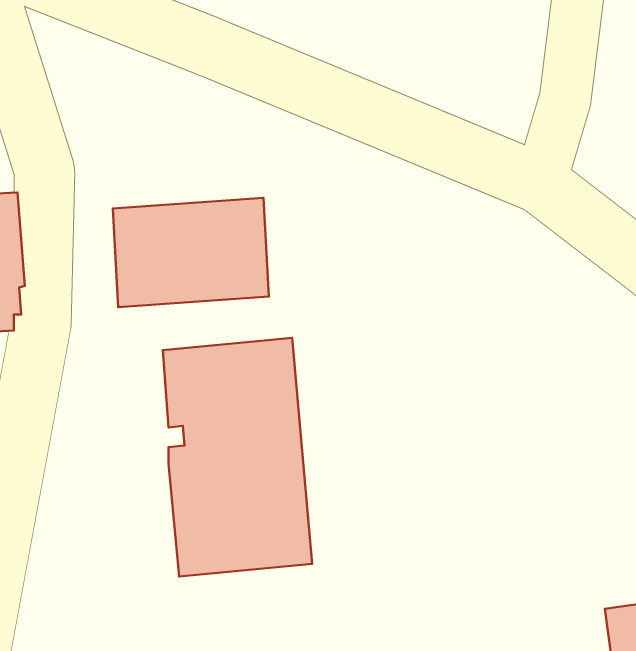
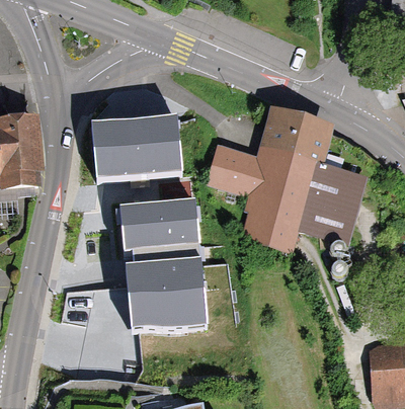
building: none -> [210,117,351,254]

